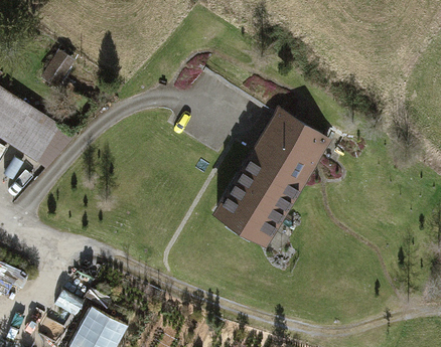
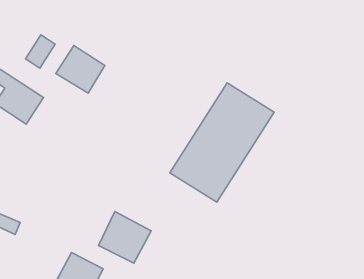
building: none -> [56,45,105,93]
building: none -> [98,212,151,263]

